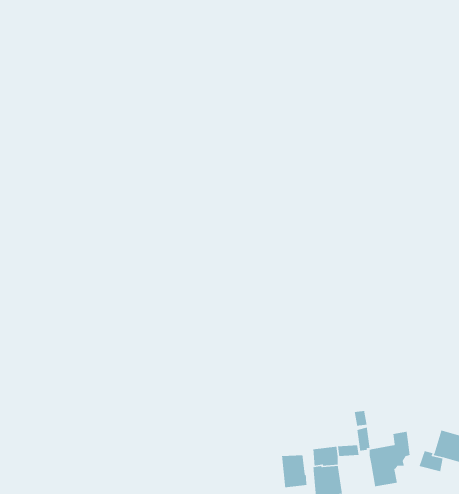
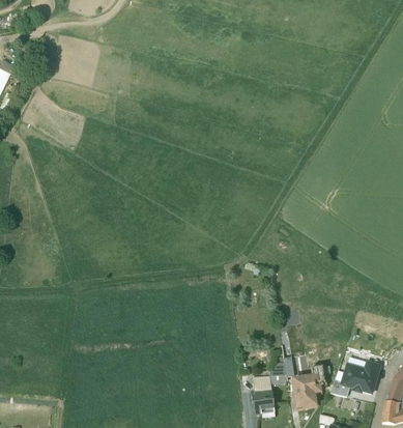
building: [281,455,307,488] -> none

